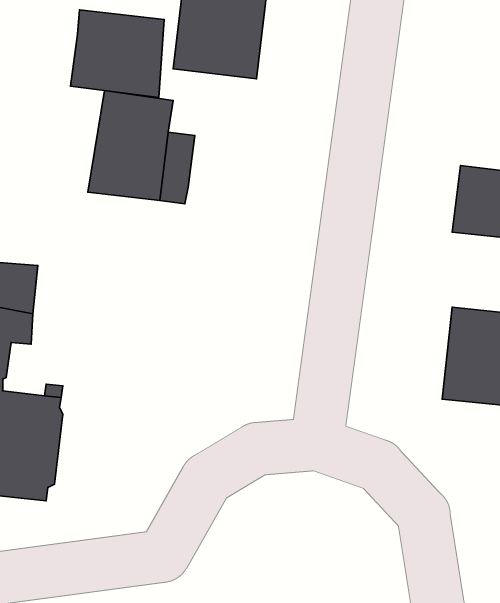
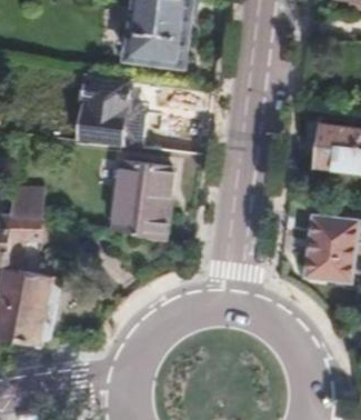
building: [70,10,164,98] -> none
building: none -> [113,161,171,237]

